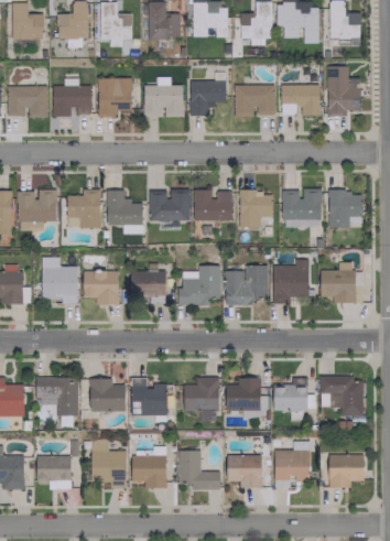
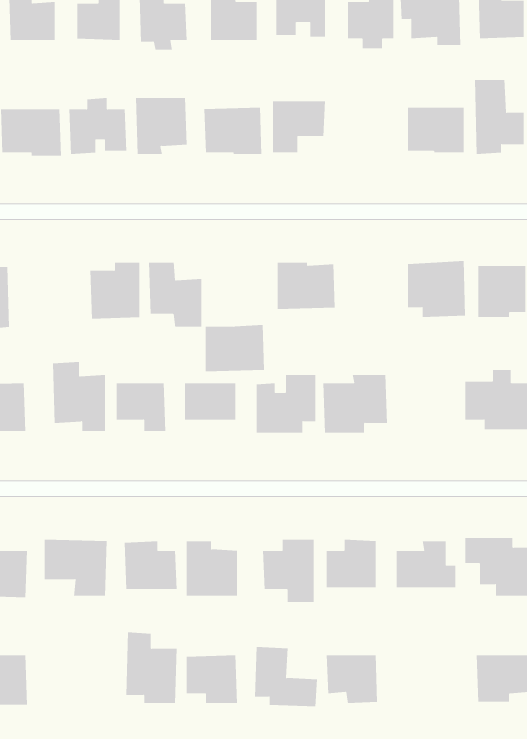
building: [235,85,275,115] -> none
building: [19,190,57,230] -> none
building: [150,190,191,221] -> [205,325,265,372]
building: [239,192,273,228] -> none
building: [273,259,311,304] -> none
building: [274,450,311,487] -> none
building: [37,455,72,489] -> none

